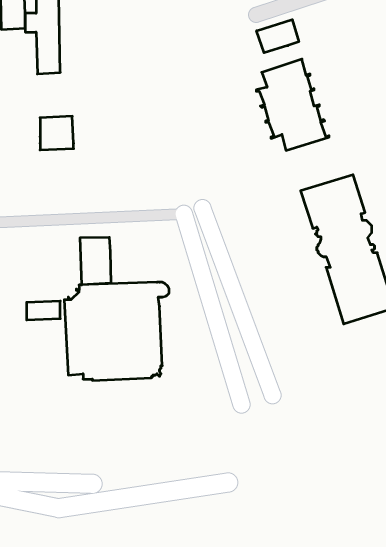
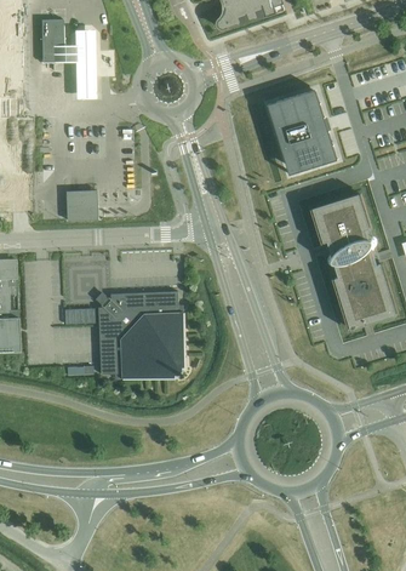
building: [257,20,299,53] -> none
building: [40,116,74,150] -> [68,190,98,221]
building: [80,237,111,285] -> none

